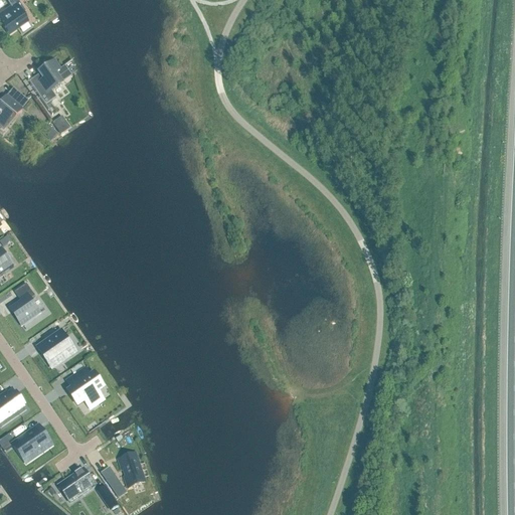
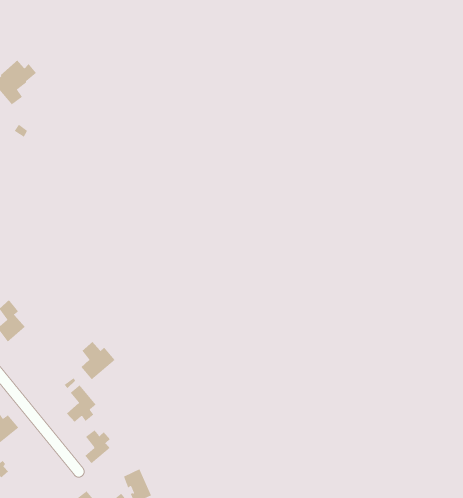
building: [40,328,73,364] -> [81,341,115,380]
building: none -> [84,429,111,464]
building: [20,427,50,456] -> none

